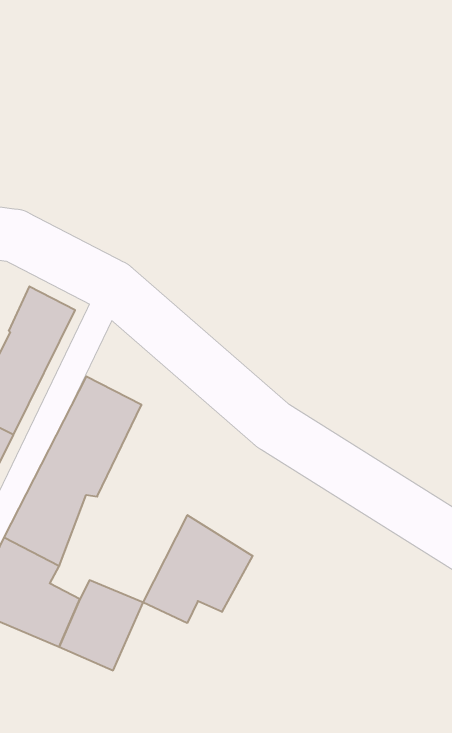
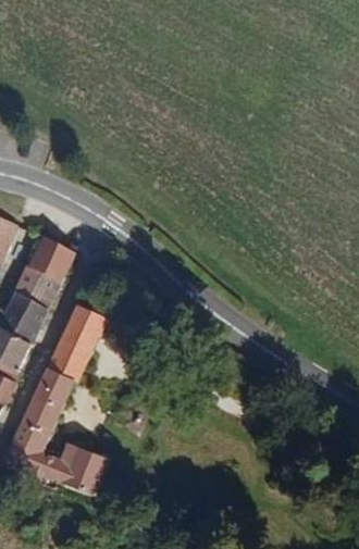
building: [143,515,253,623] -> none

